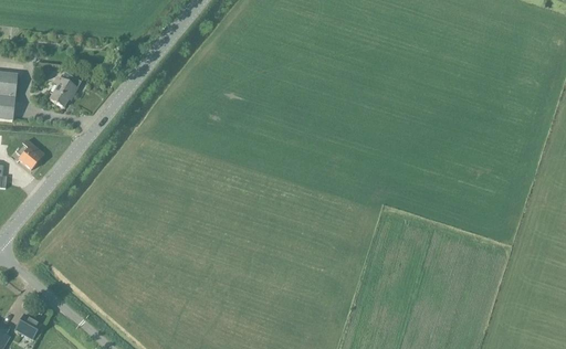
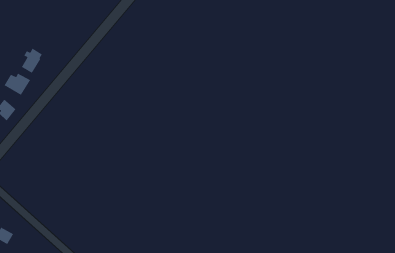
building: none -> [3,73,31,96]

